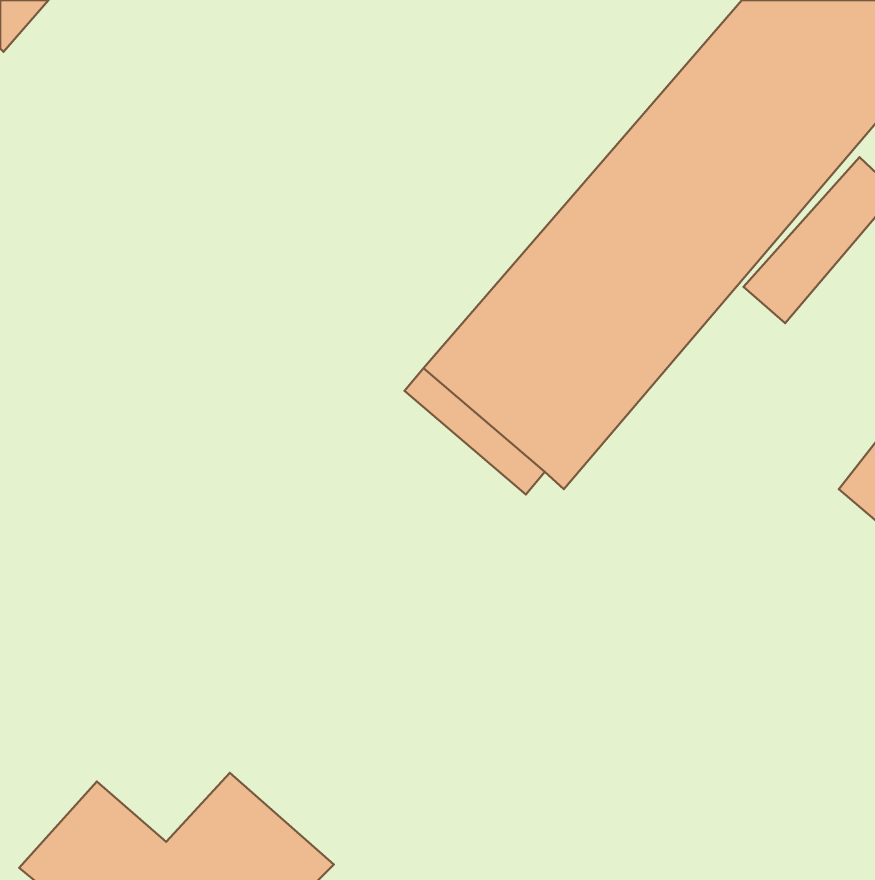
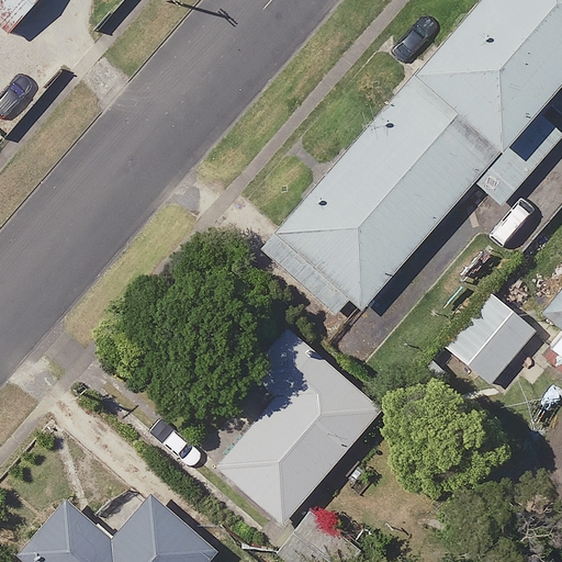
building: none -> [447,293,539,385]
building: none -> [214,326,383,526]

